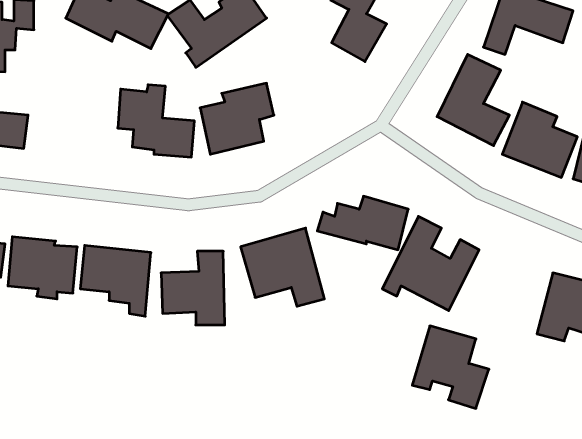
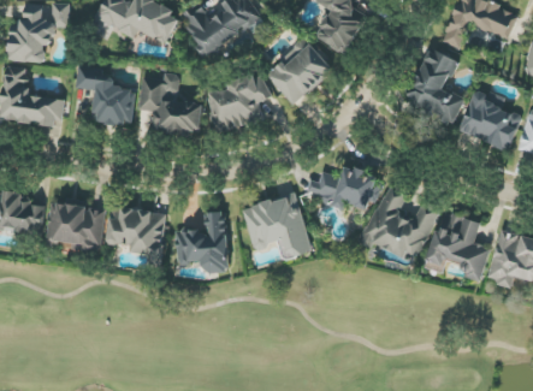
building: none -> [265,36,334,106]
building: none -> [76,66,135,125]
building: [412,326,489,408] -> [427,212,491,280]

